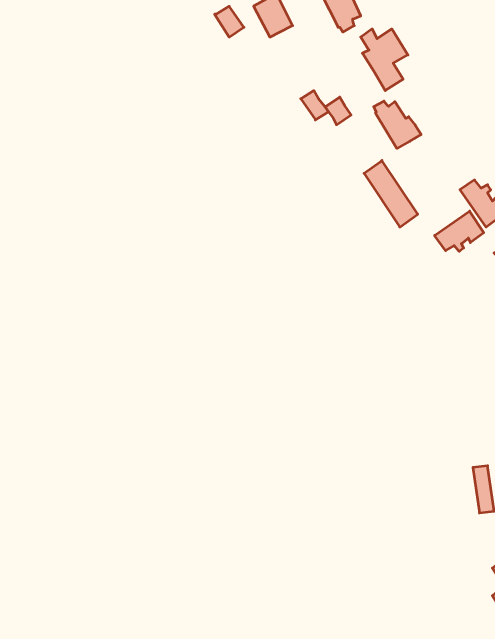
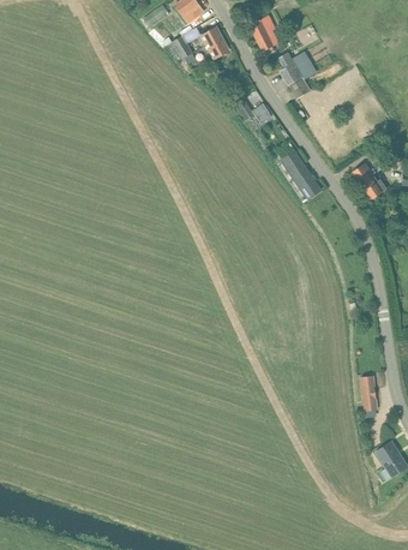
building: [374,101,421,148] -> none
building: [435,211,484,251] -> none

